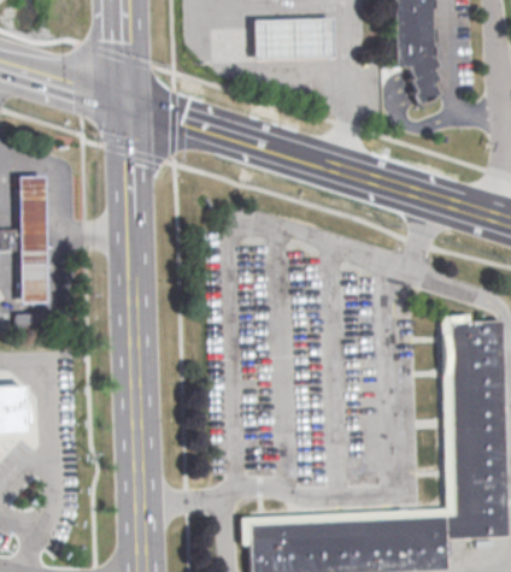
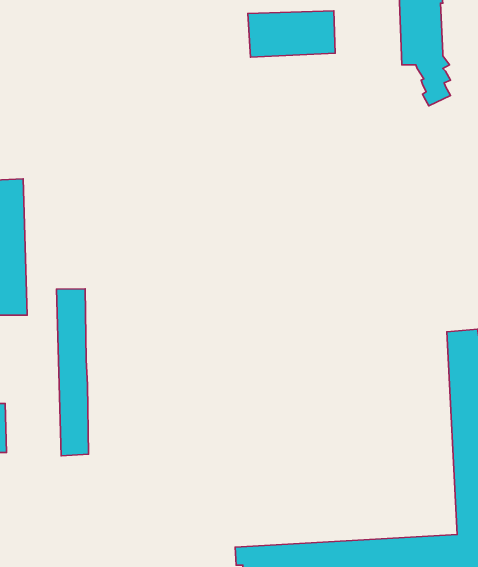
building: none -> [56,289,89,456]

